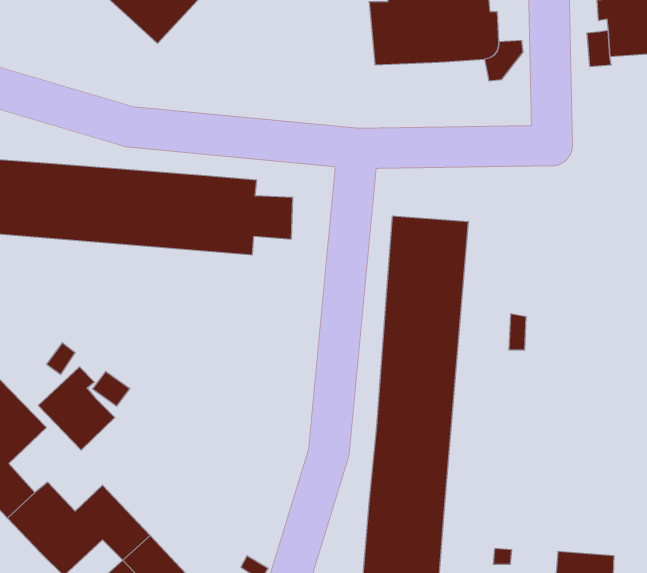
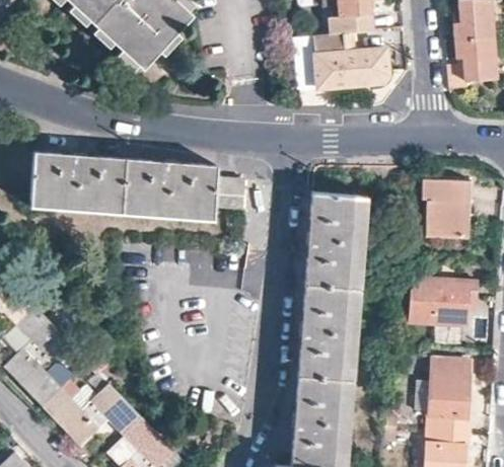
building: none -> [423,184,471,235]
building: none -> [408,278,476,325]
building: [38,367,115,450] -> none
building: none -> [429,359,471,432]

